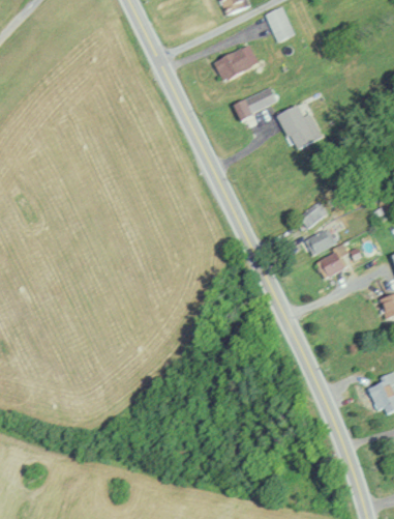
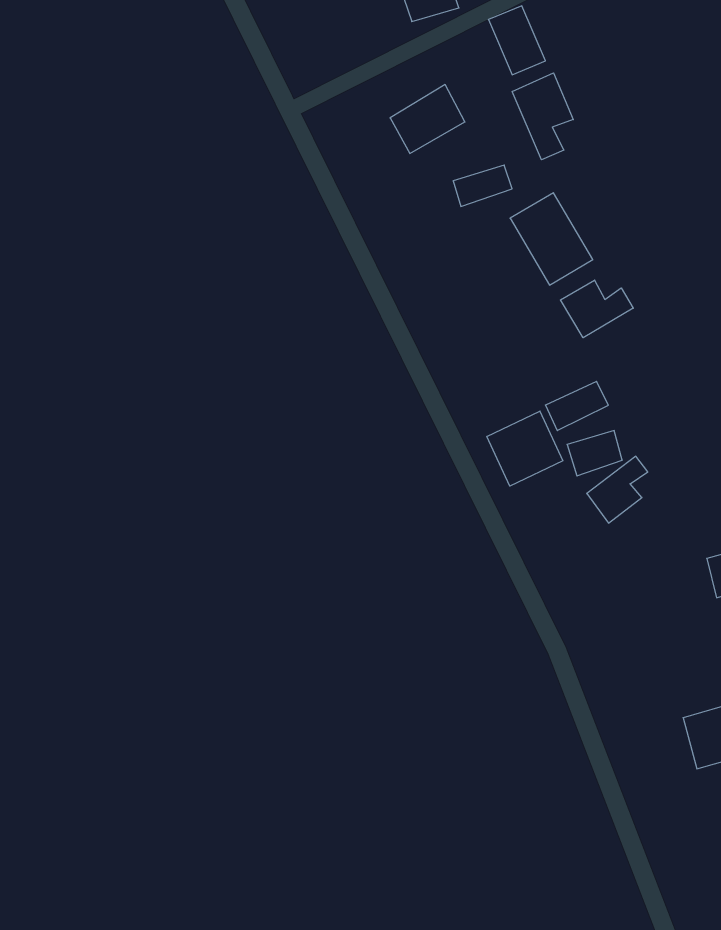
building: none -> [512,73,573,160]
building: none -> [560,280,633,338]
building: none -> [487,411,563,486]

